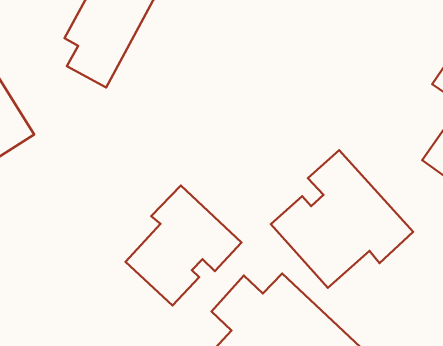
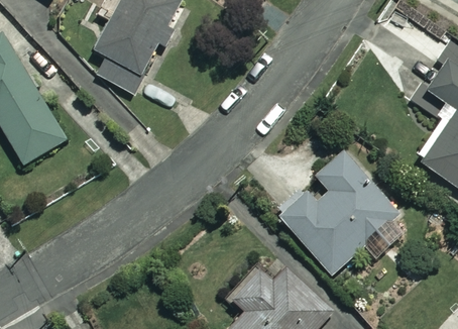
building: [125,186,241,306] -> none

